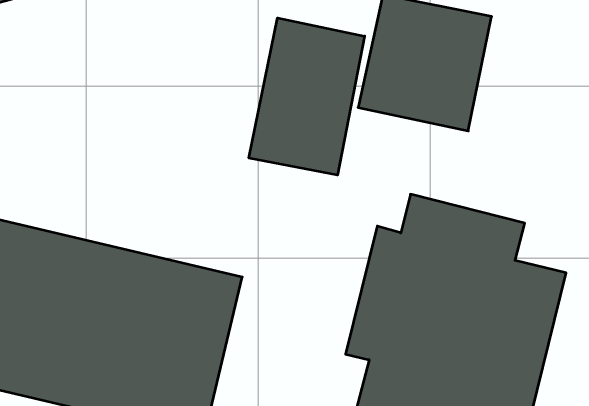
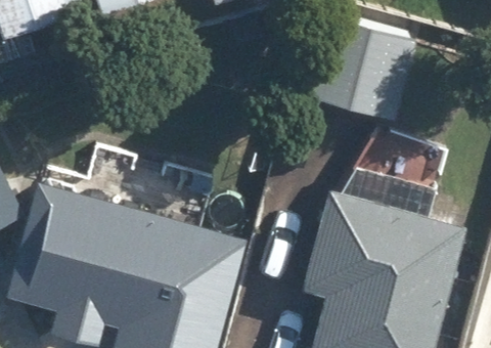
building: [249,18,365,175] -> none

